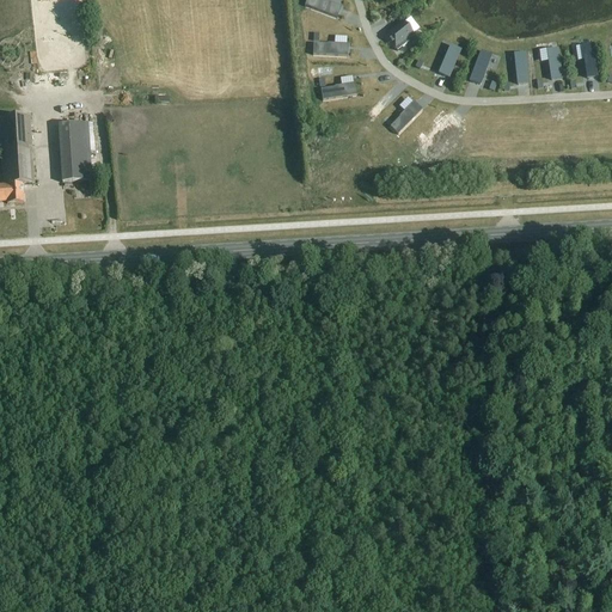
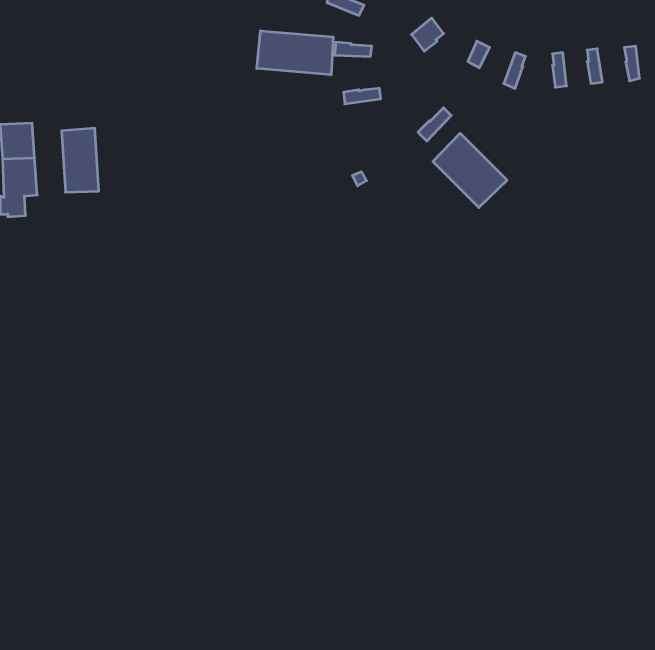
building: none -> [257,31,333,75]
building: none -> [433,133,507,208]

